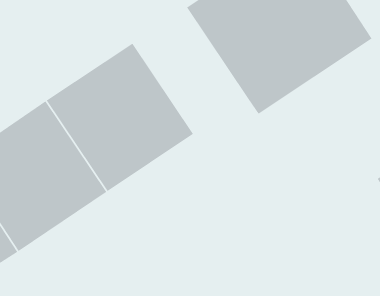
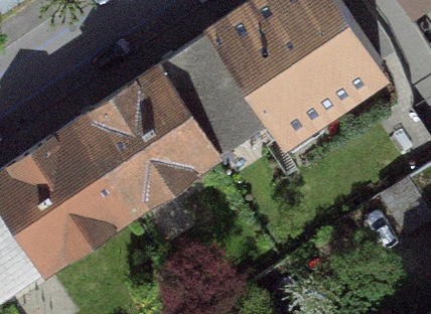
building: none -> [156,40,264,159]

